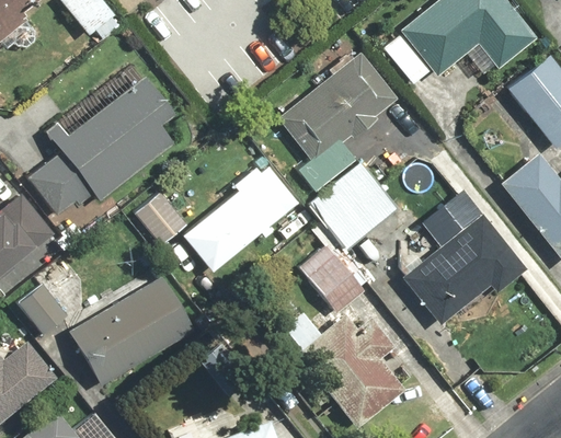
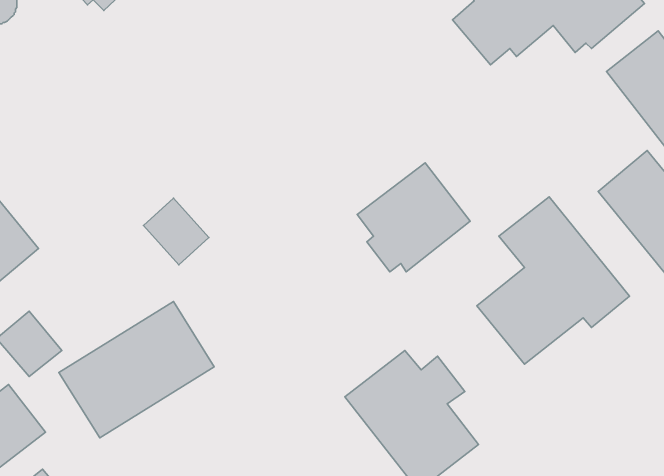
building: [278,51,399,193] -> none
building: [25,71,179,218] -> none
building: [184,161,298,272] -> none
building: [299,245,368,311] -> none

